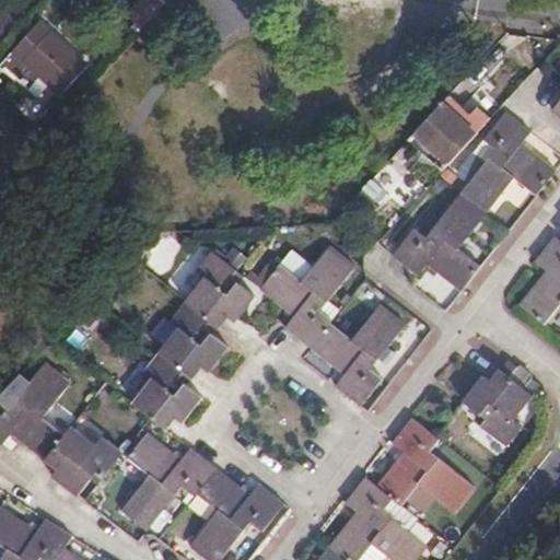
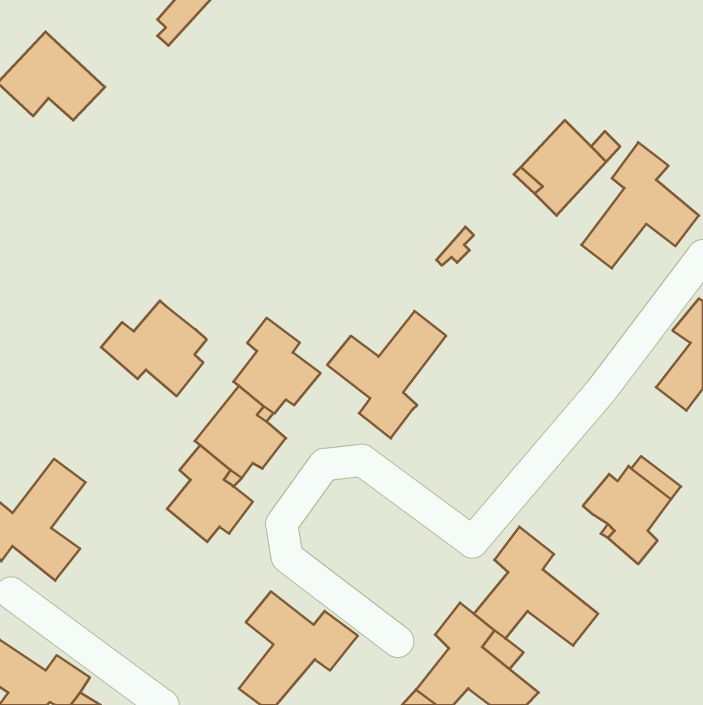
building: [393,194,485,290] -> none
building: none -> [101,301,206,396]
building: [310,306,404,405] -> none
building: [44,428,121,495] -> none
building: [121,433,214,528] -> none

